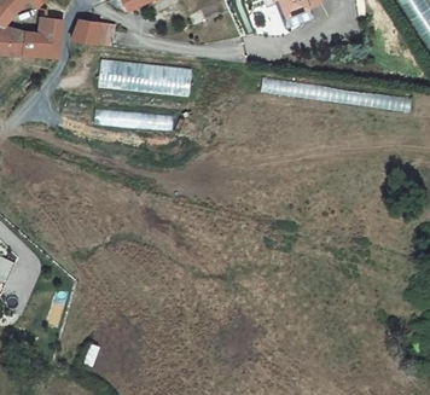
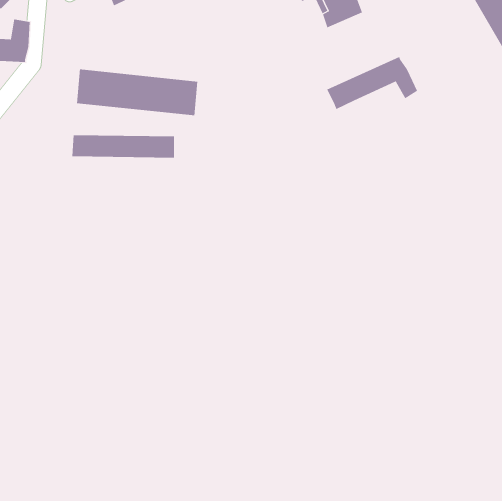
building: [69,19,109,45] -> none
building: none -> [326,56,418,110]

